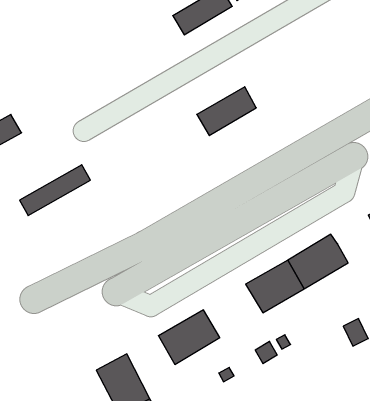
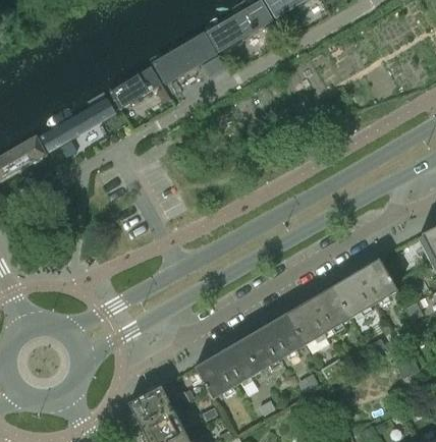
building: none -> [112,62,166,105]
building: [197,87,256,136] -> [157,27,220,79]
building: [20,165,90,216] -> [43,94,118,148]
building: none -> [243,312,307,369]

